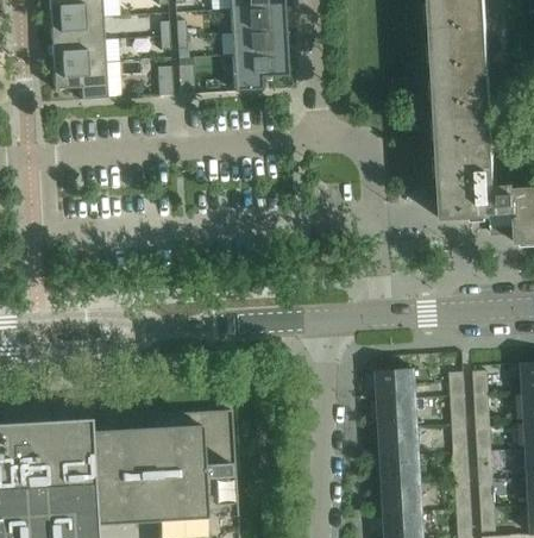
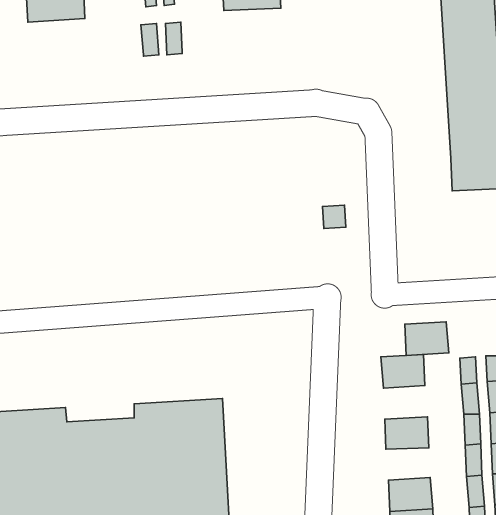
building: [232,52,285,92] -> none
building: [52,62,107,100] -> none
building: [378,399,419,430] -> [405,322,449,355]
building: [381,456,421,486] -> none

